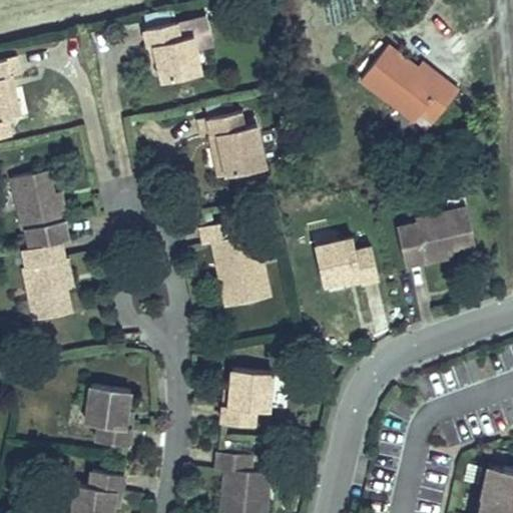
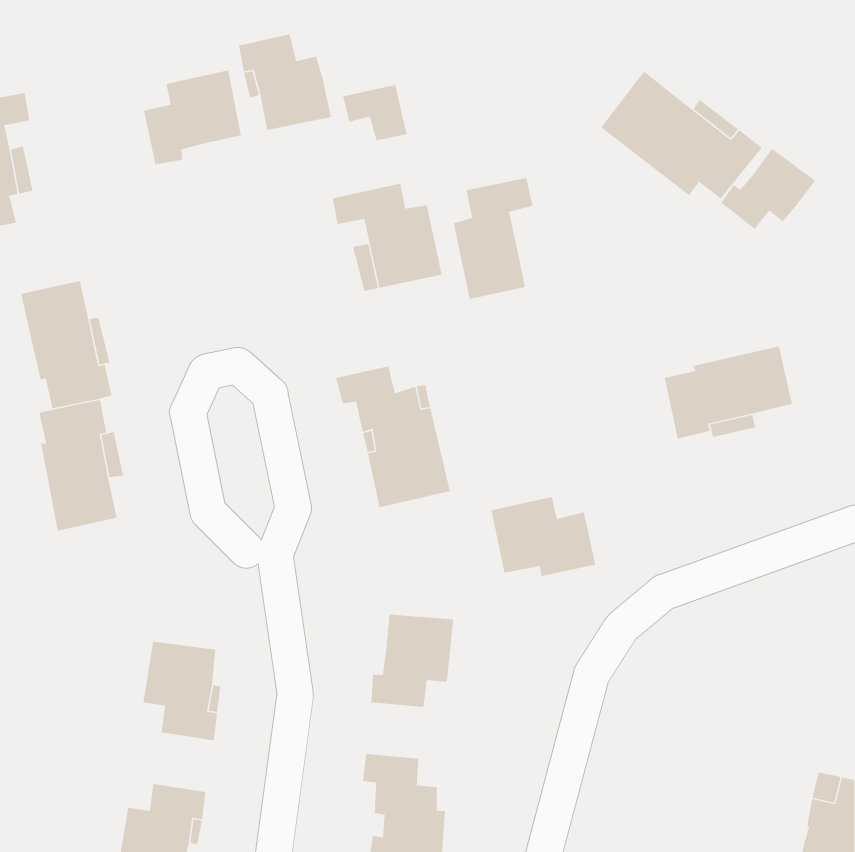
building: [173,16,212,50] -> [342,84,408,141]
building: none -> [143,69,242,165]
building: none -> [720,148,816,230]
building: none -> [453,177,534,300]
building: [315,238,378,287] -> [491,496,596,577]

